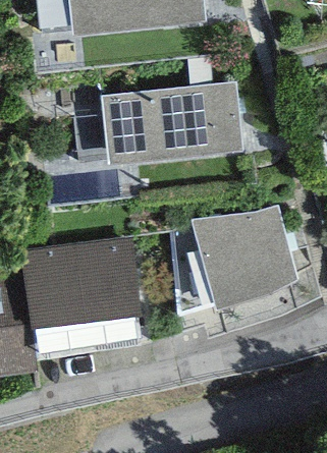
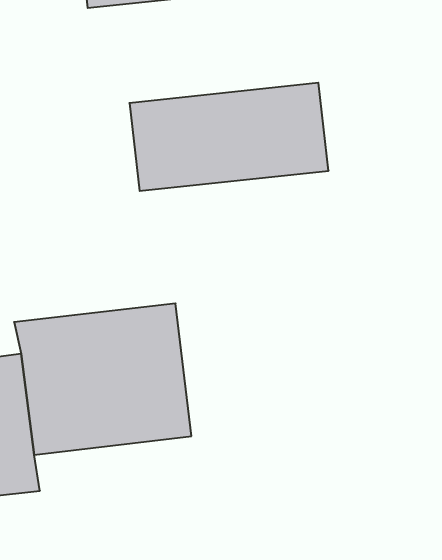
building: [172,208,297,320] -> none

